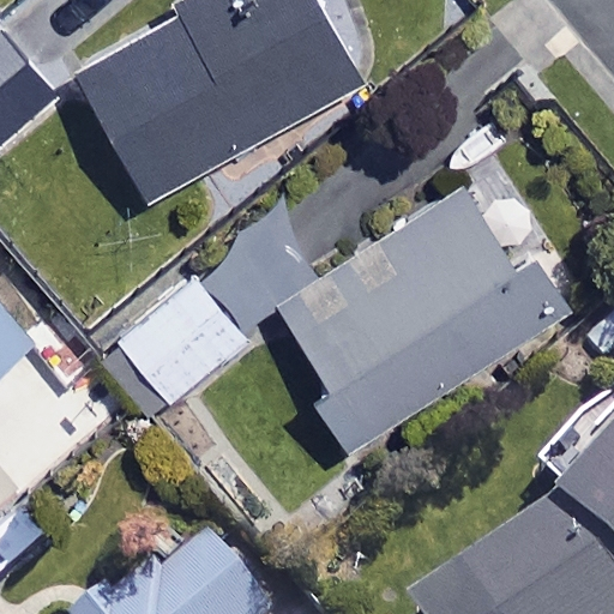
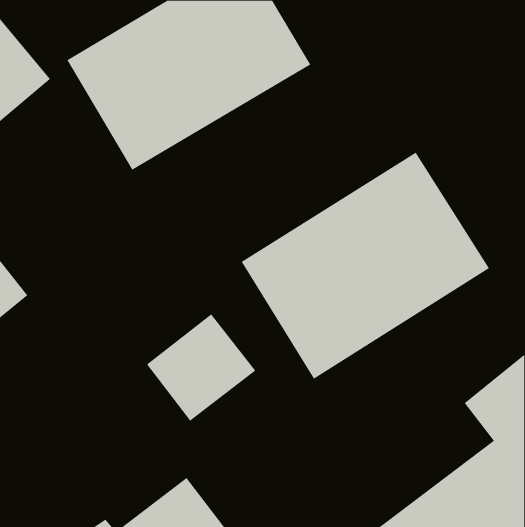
building: [115,281,242,405] -> [146,313,256,422]

